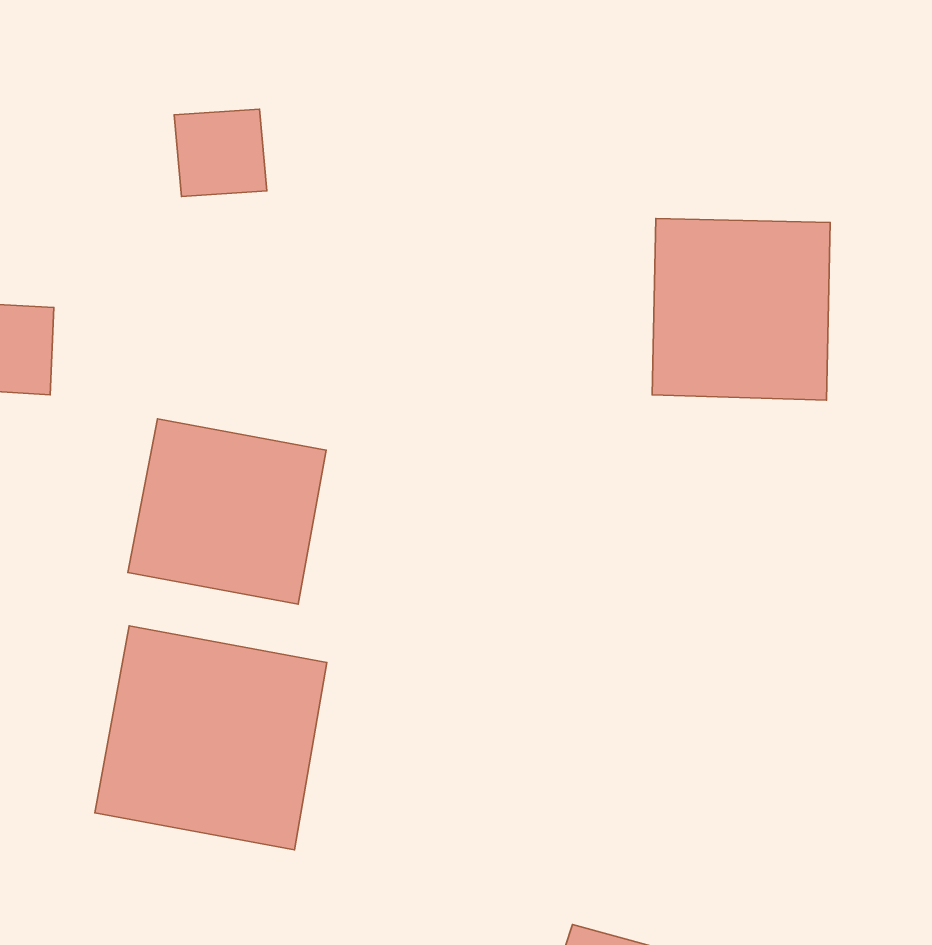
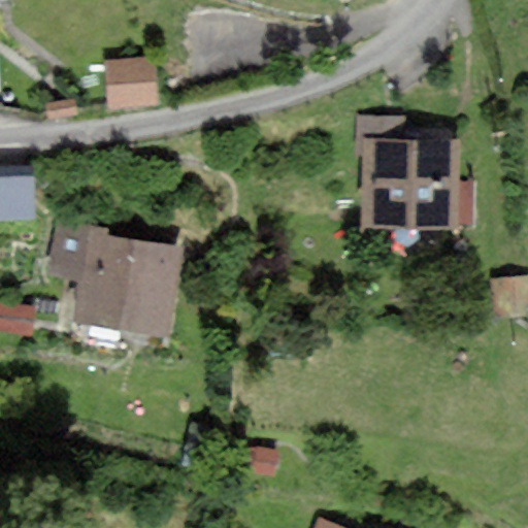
building: [95,626,327,850] -> none

